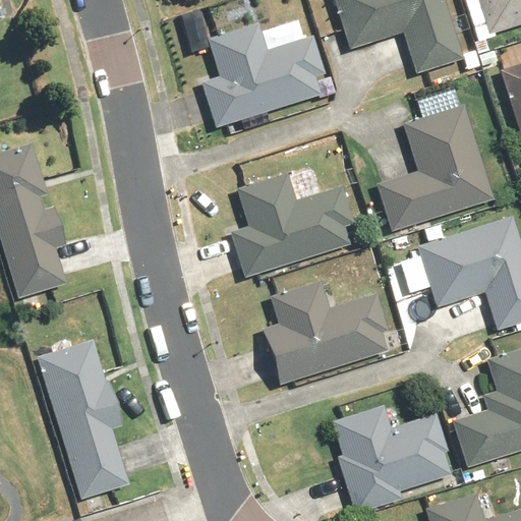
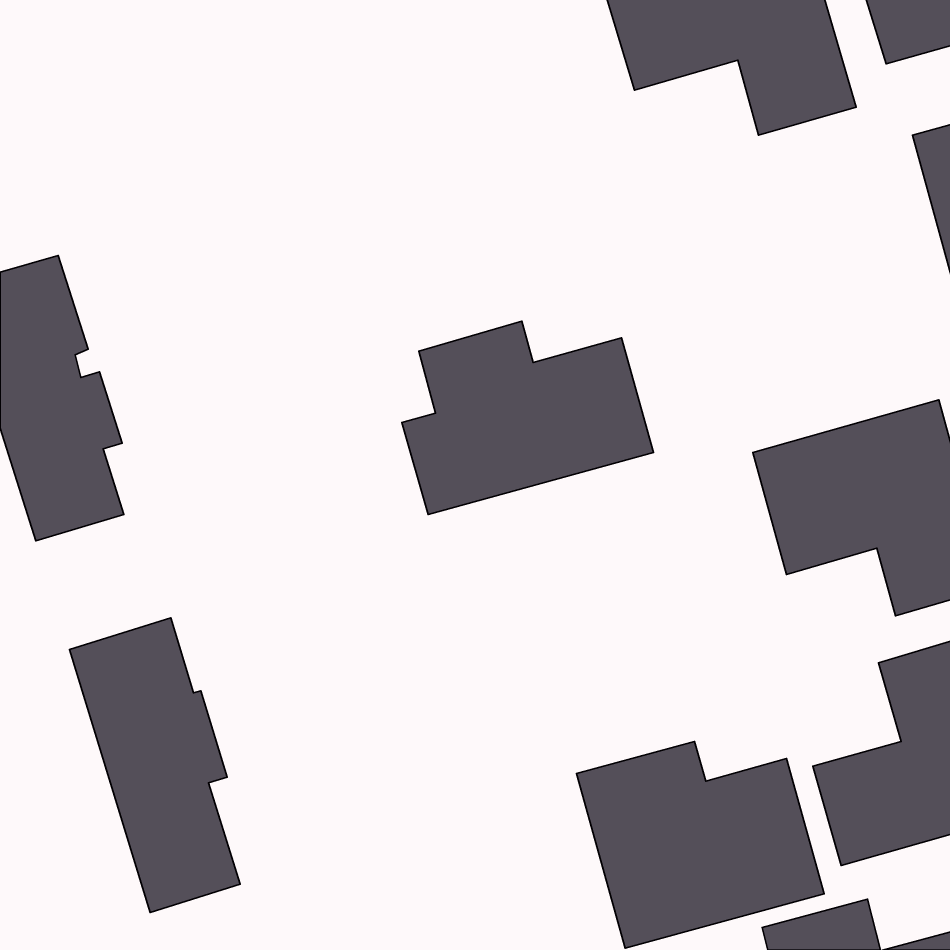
building: [198,24,331,125] -> none
building: [369,104,497,237] -> none
building: [255,281,393,387] -> none

